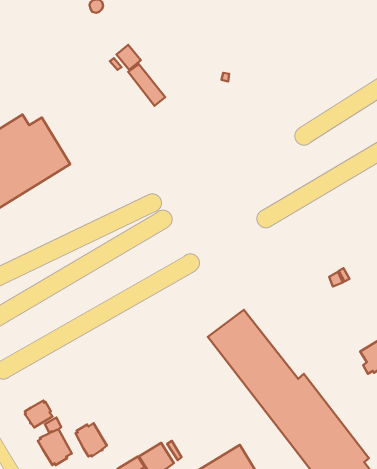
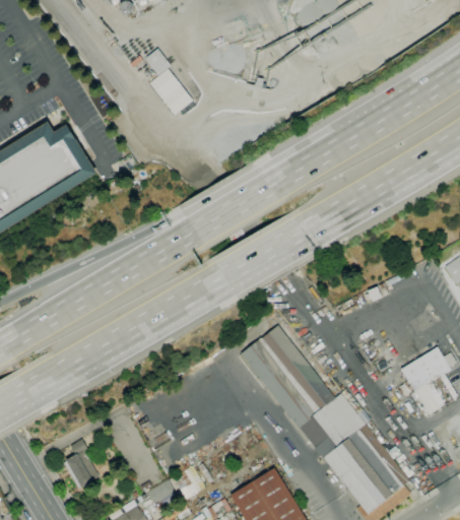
building: [25,401,52,427] -> none
building: [75,423,107,457] -> none

